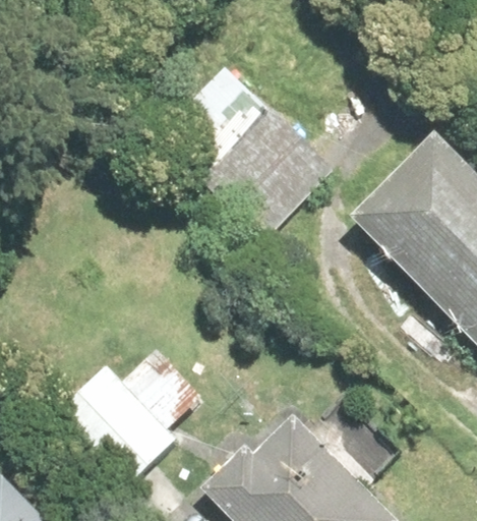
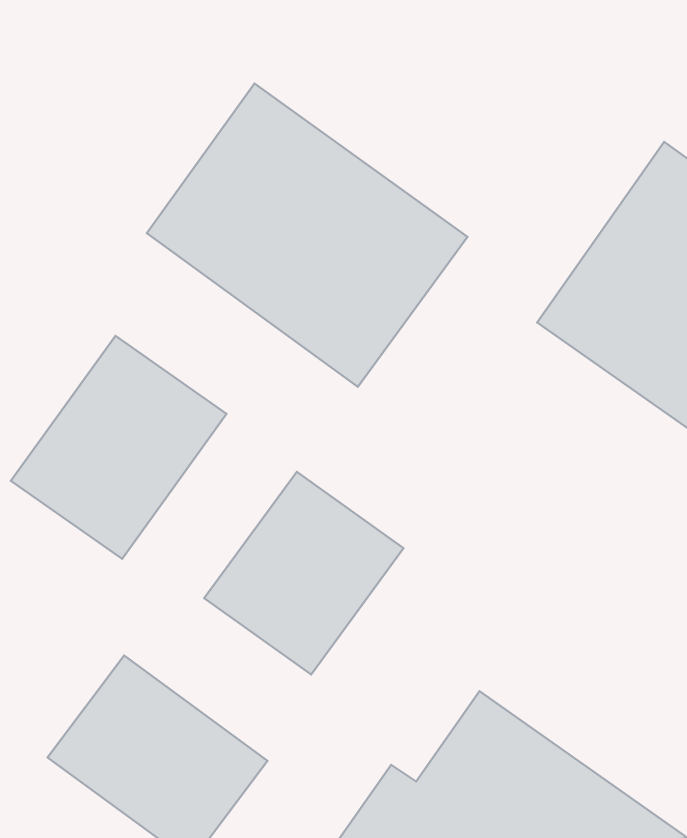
building: none -> [11,336,227,559]
building: none -> [204,472,404,675]

